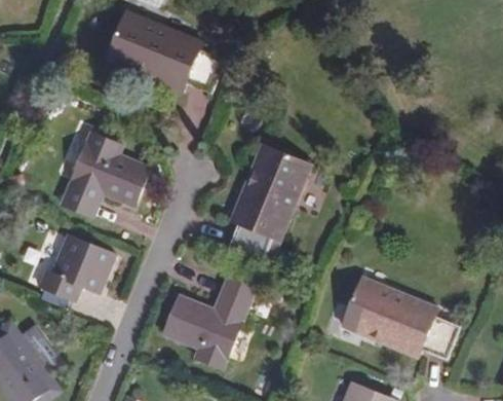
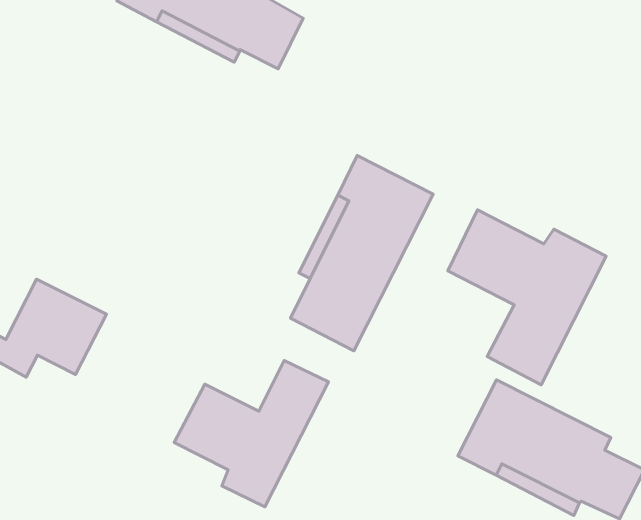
building: [62,131,151,214] -> none
building: none -> [448,210,606,385]

